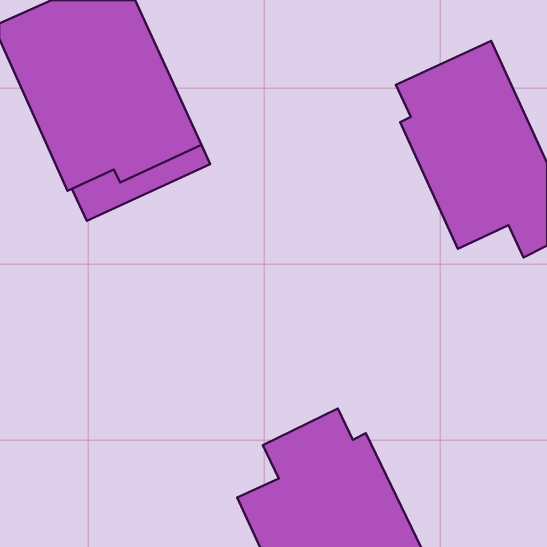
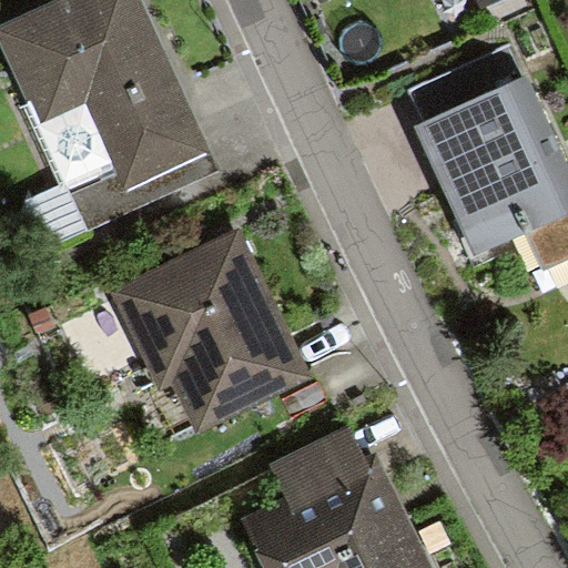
building: none -> [110,230,310,434]

